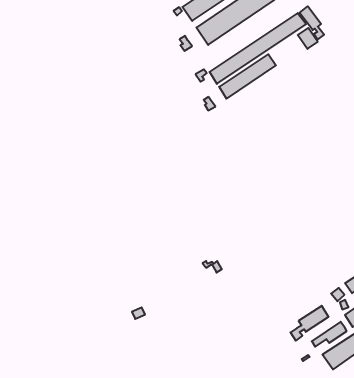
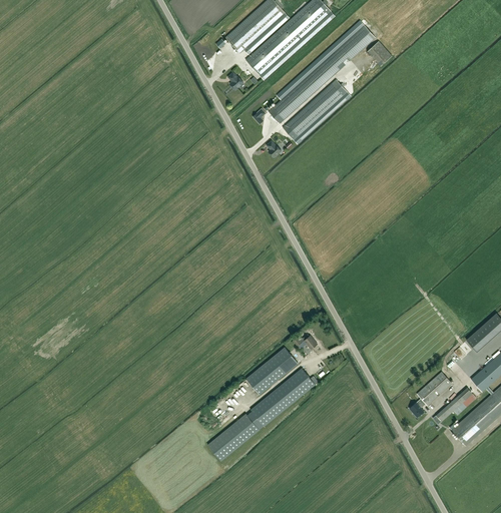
building: [300,6,324,39] -> none
building: none -> [246,346,298,394]
building: none -> [250,367,315,425]
building: none -> [207,413,259,460]

